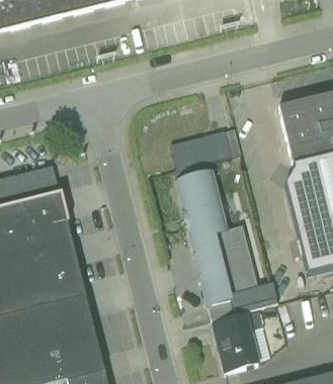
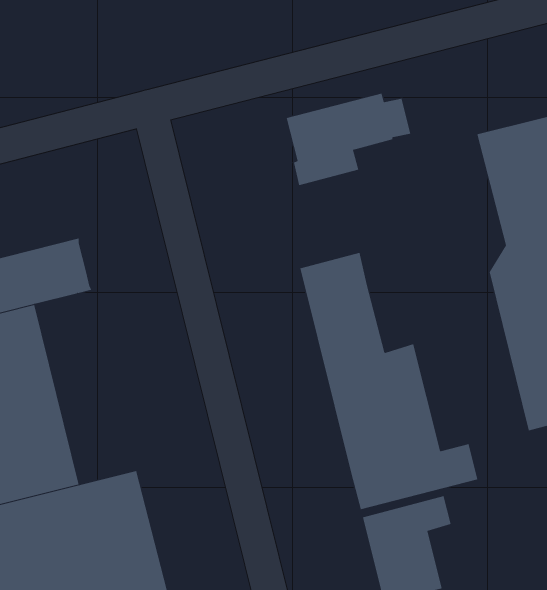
building: [169,130,240,183] -> [286,93,411,186]
building: [26,195,84,305] -> none

